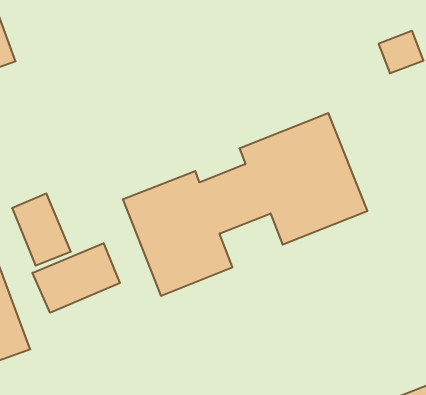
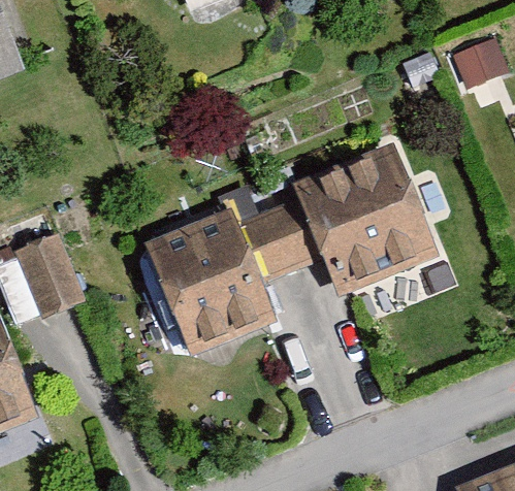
building: [32,243,120,313] -> none

